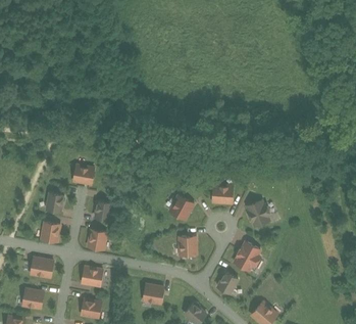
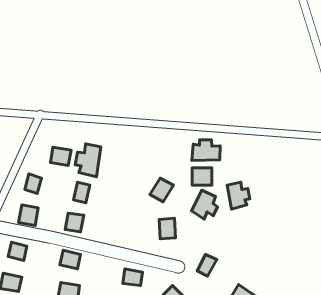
building: none -> [192,140,220,161]
building: none -> [75,144,101,177]
building: [235,240,260,269] -> [192,190,217,219]

